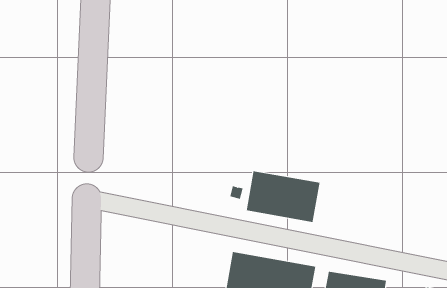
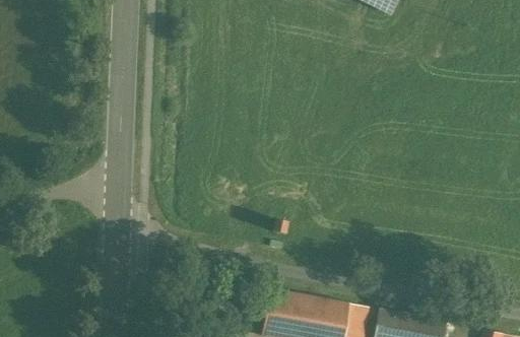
building: [246,170,320,223] -> none

